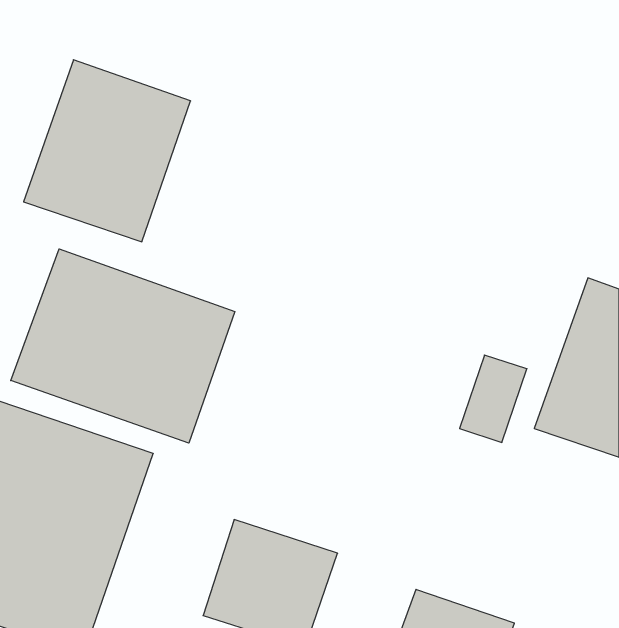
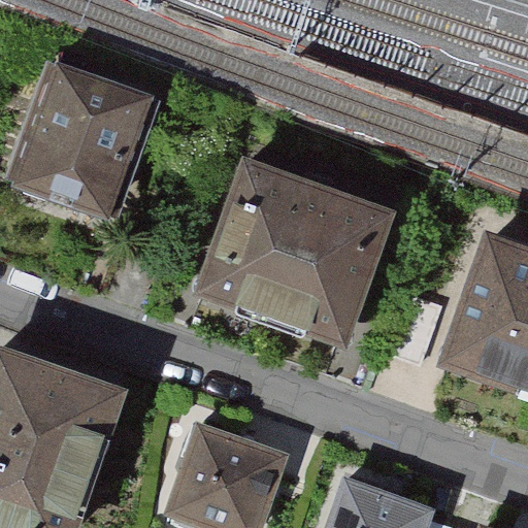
building: none -> [199,166,388,343]
building: [11,249,235,443] -> none

